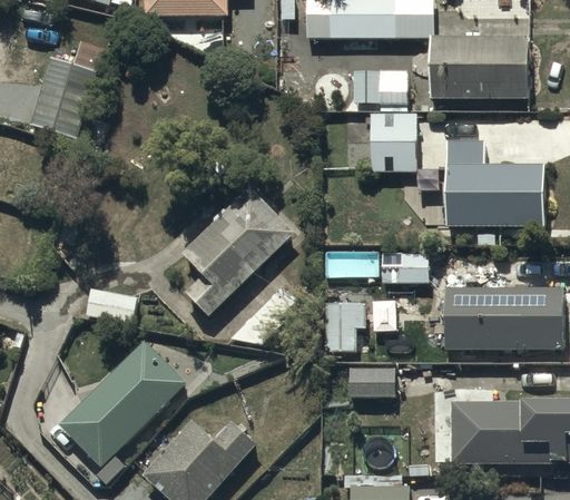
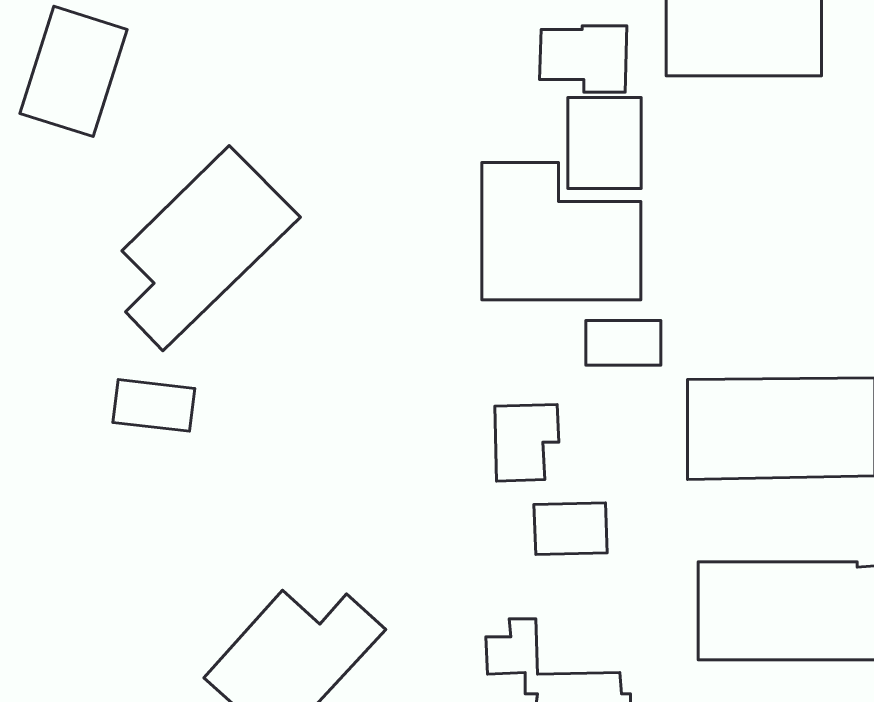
building: [444,139,543,225] -> [482,162,641,300]
building: [181,188,293,316] -> [122,146,300,351]
building: [58,340,185,483] -> none

